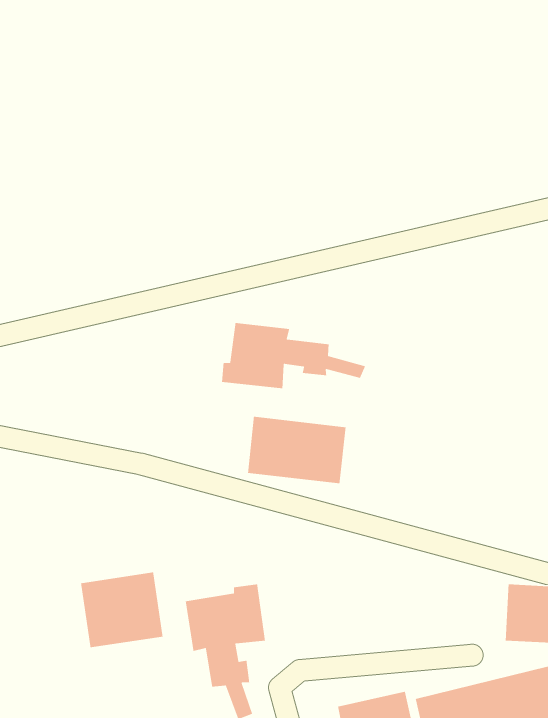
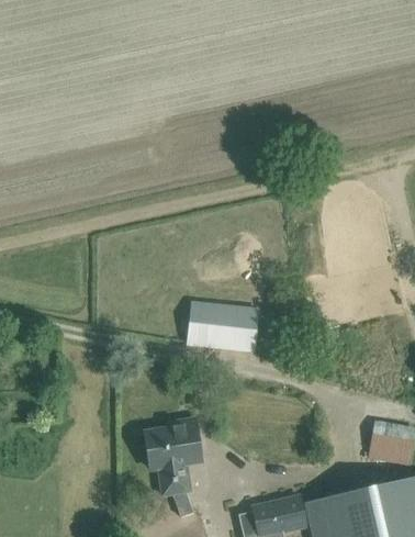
building: [221,322,366,389] -> none
building: [80,572,163,648] -> none

